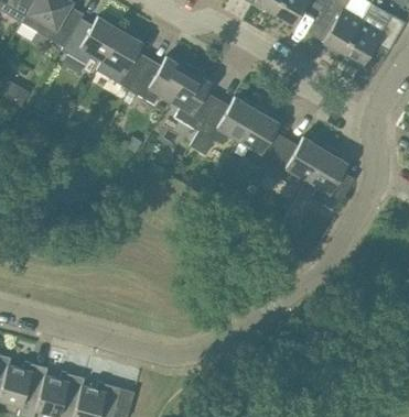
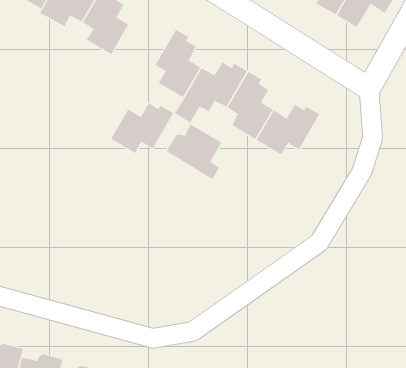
building: [129,56,190,105] -> [110,103,174,154]
building: [306,146,352,211] -> none
building: none -> [166,124,222,180]

